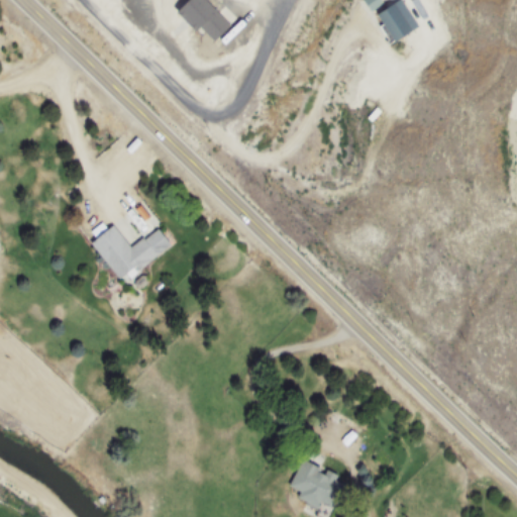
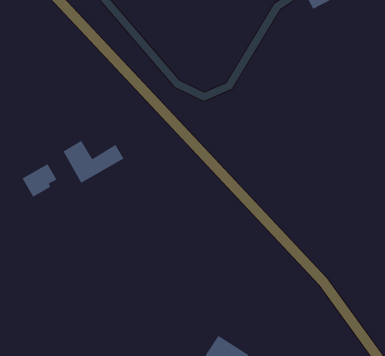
building: none -> [22,163,58,198]

